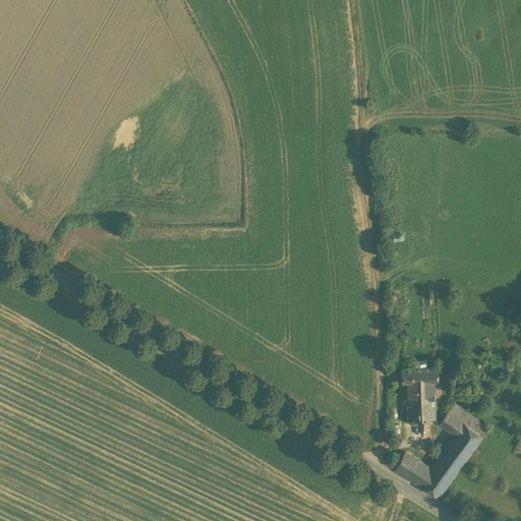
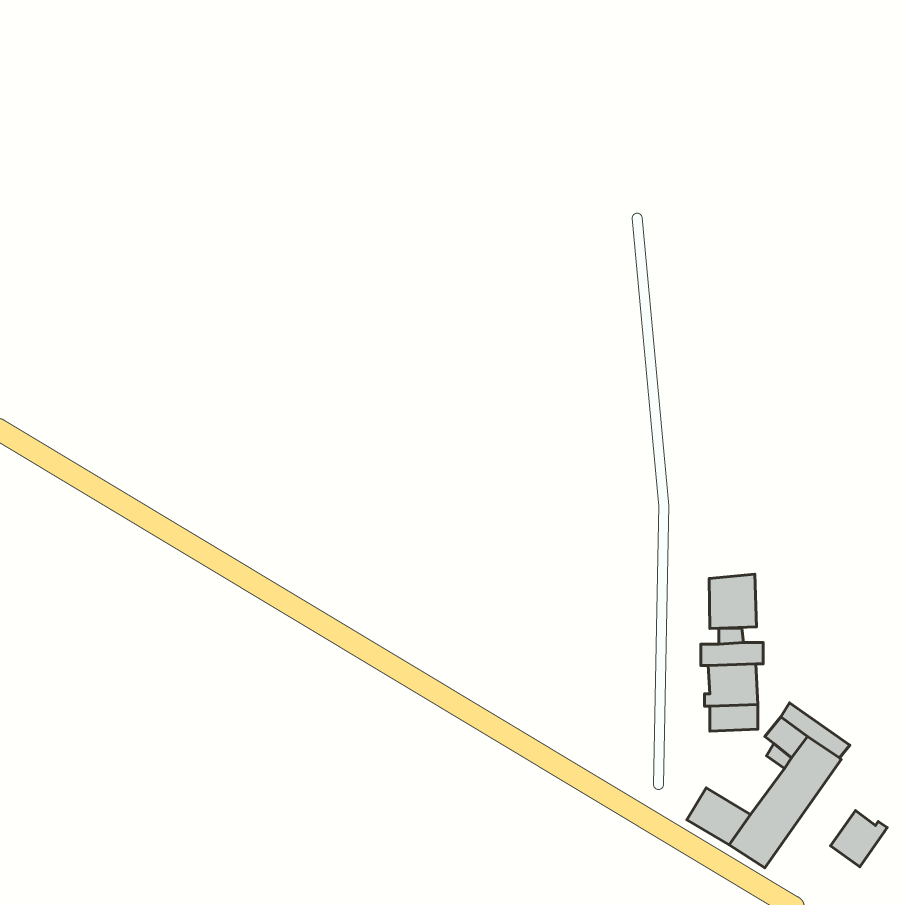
building: none -> [709,574,756,629]
building: none -> [831,811,887,867]

